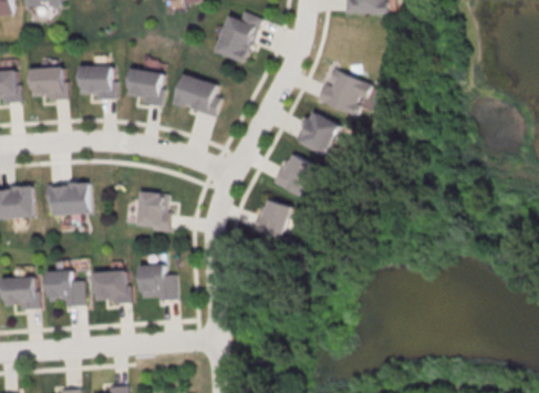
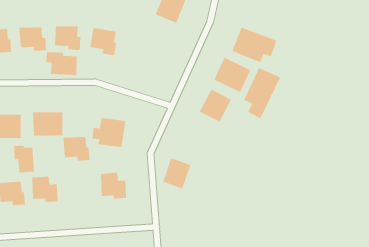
building: [172,73,219,117] -> none
building: none -> [46,51,77,76]
building: none -> [243,67,281,119]
building: [256,198,294,241] -> [162,157,191,189]
building: none -> [14,145,35,173]
building: [92,271,129,304] -> [63,137,90,161]

